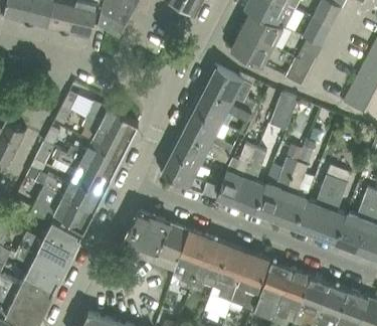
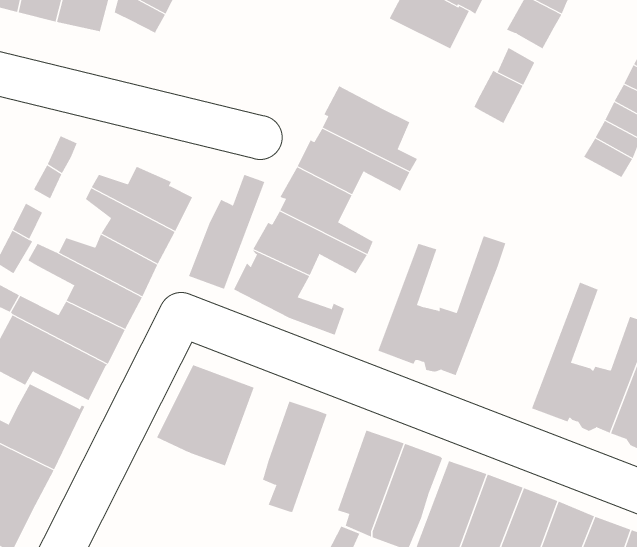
building: [230,31,272,67] -> none
building: [268,94,298,132] -> none
building: [215,145,255,205] -> [188,174,265,290]
building: [275,146,340,235] -> none
building: [155,224,188,273] -> none
building: [190,238,228,294] -> none

